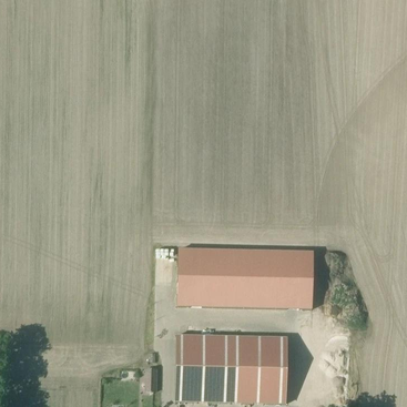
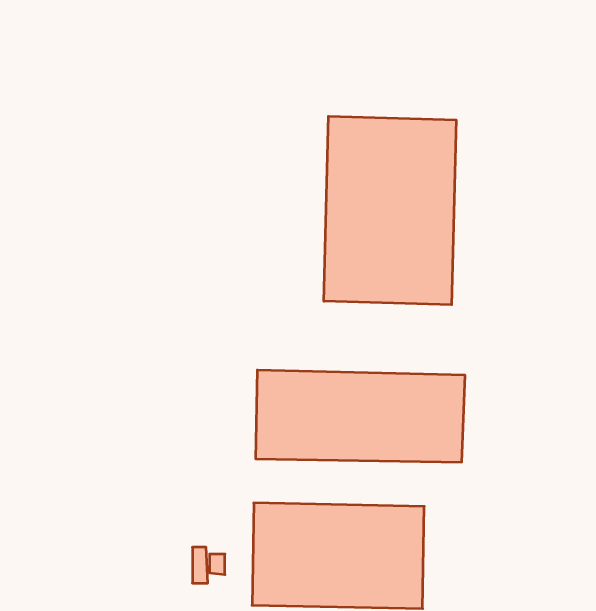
building: none -> [324,116,456,305]

